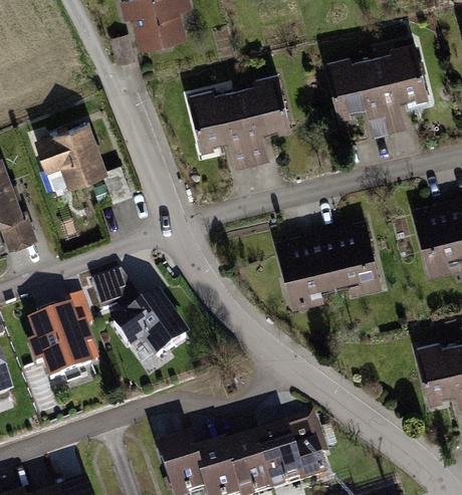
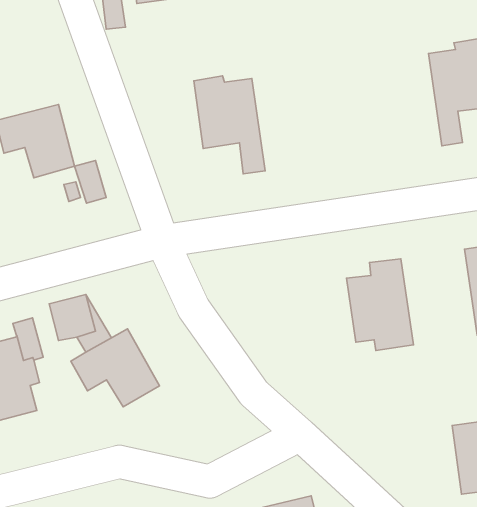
building: [326,57,389,142] -> none
building: [235,75,289,162] -> none
building: [277,236,335,308] -> none

